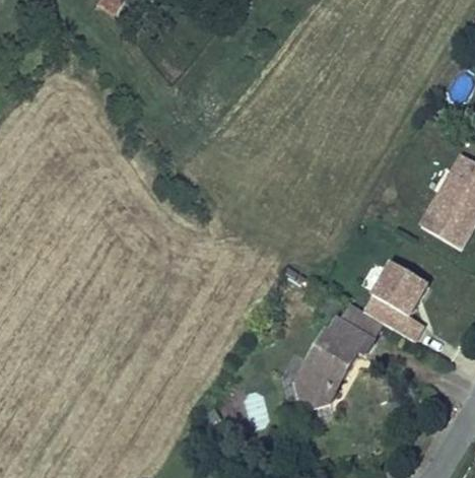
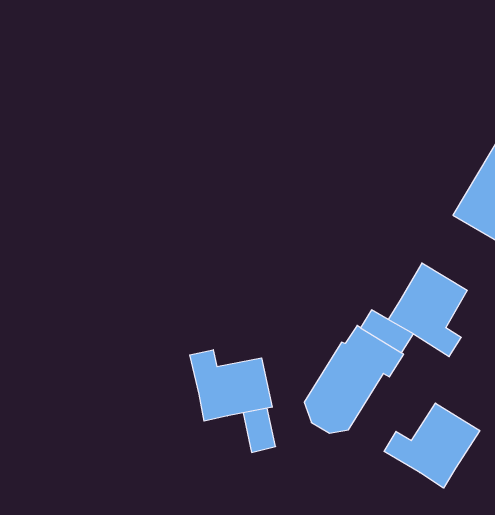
building: none -> [190,350,272,421]
building: none -> [384,403,480,488]

